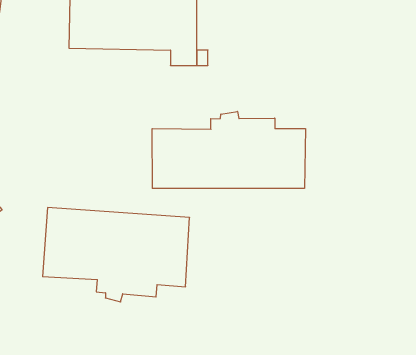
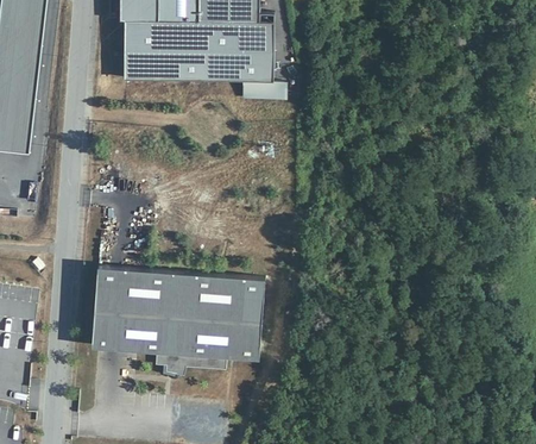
building: [152,111,305,188] -> none

